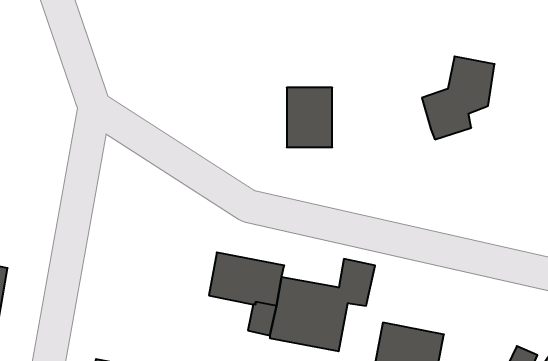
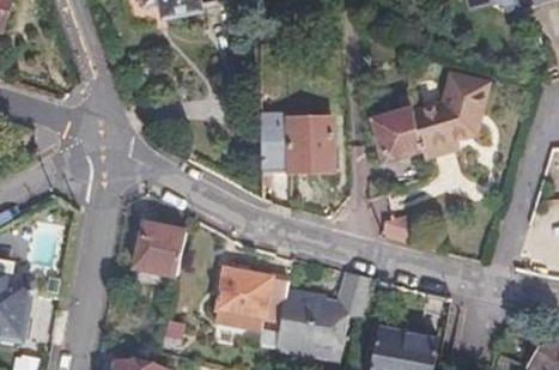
building: none -> [263,108,290,201]
building: none -> [376,110,423,162]
building: none -> [132,229,182,278]

